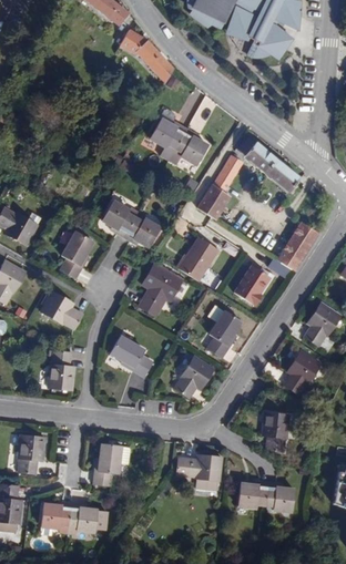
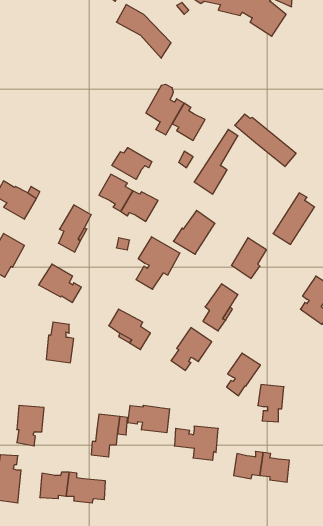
building: none -> [112,148,152,179]
building: [285,350,319,393] -> [227,353,260,396]
building: none -> [128,405,169,433]

